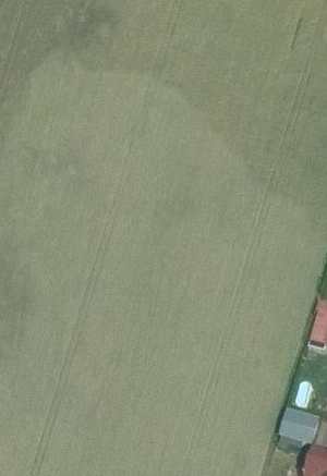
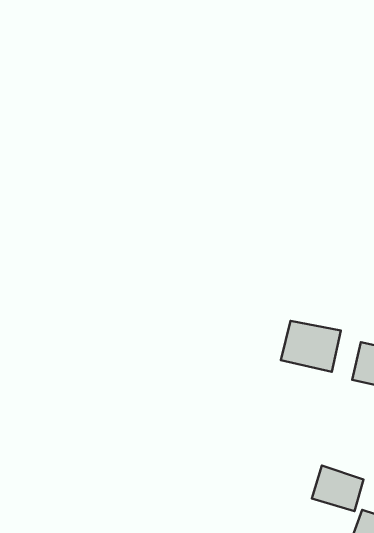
building: none -> [281,321,341,372]

